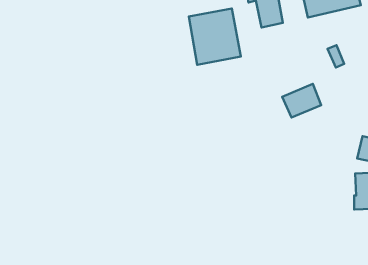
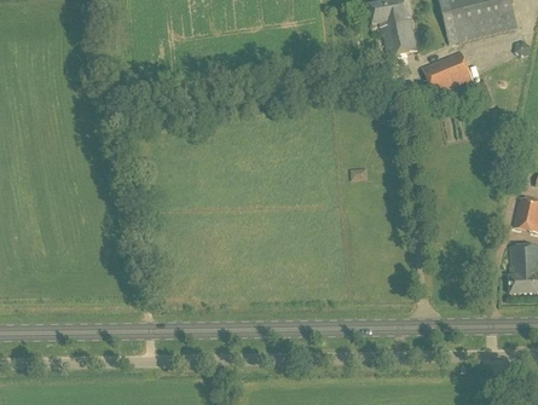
building: [189,9,241,65] -> none
building: [282,84,321,117] -> [420,50,470,93]

